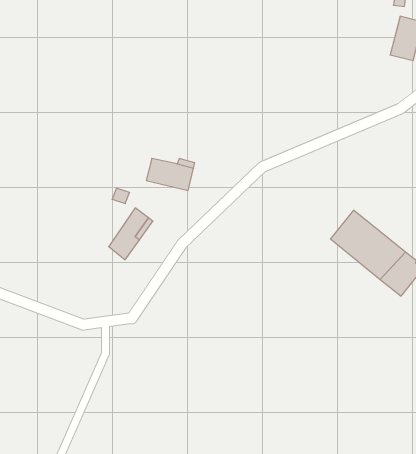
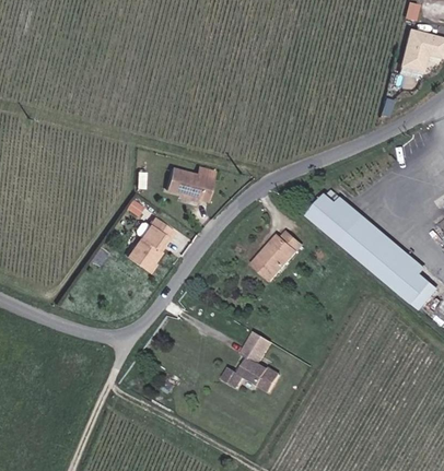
building: none -> [307,196,366,248]
building: none -> [248,233,296,283]
building: none -> [221,346,281,396]

